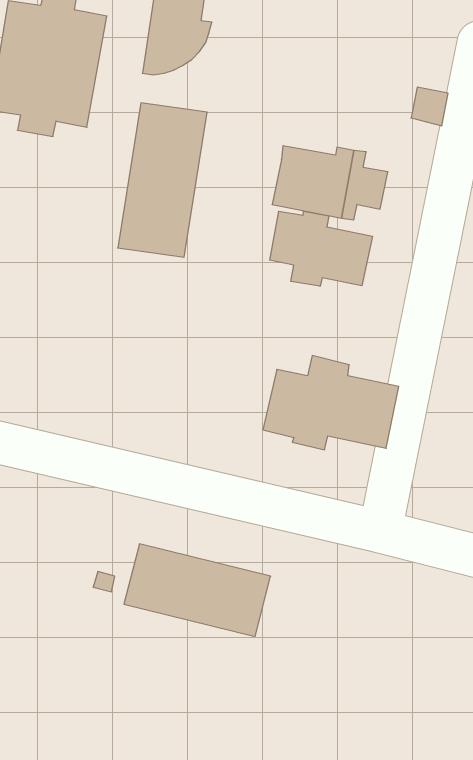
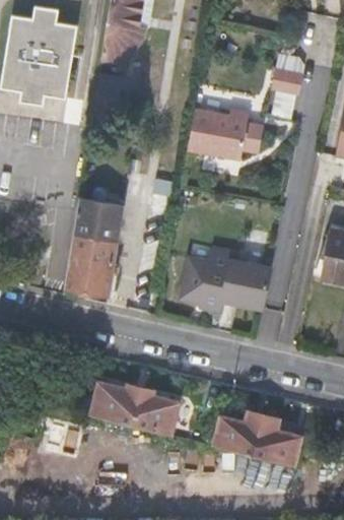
building: [118,103,207,257] -> [64,194,123,296]
building: [270,211,372,286] -> none
building: none -> [211,409,304,462]

